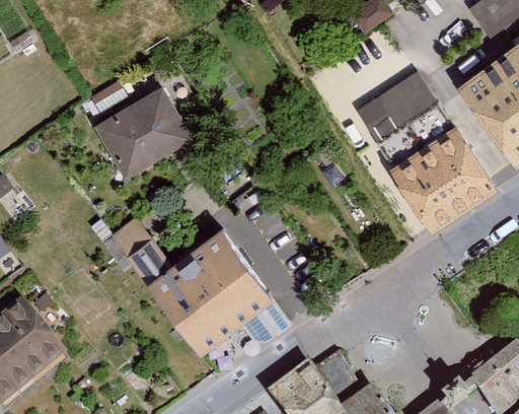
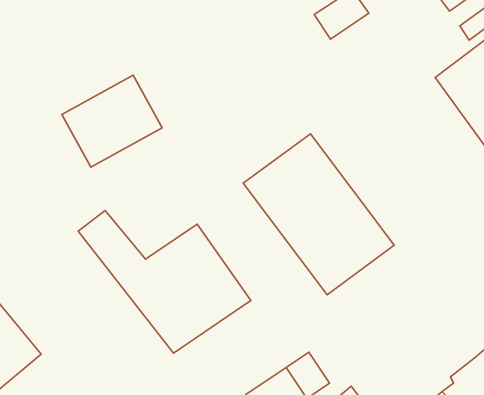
building: [348,66,496,224] -> [243,134,394,295]

